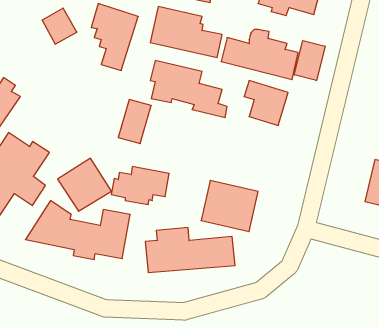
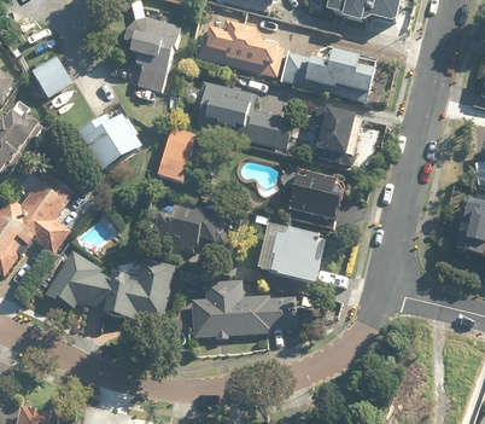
building: [42,8,77,44] -> [30,54,72,98]
building: [294,41,325,81] -> none
building: none -> [287,169,344,227]
building: [58,158,112,211] -> [77,110,142,174]

